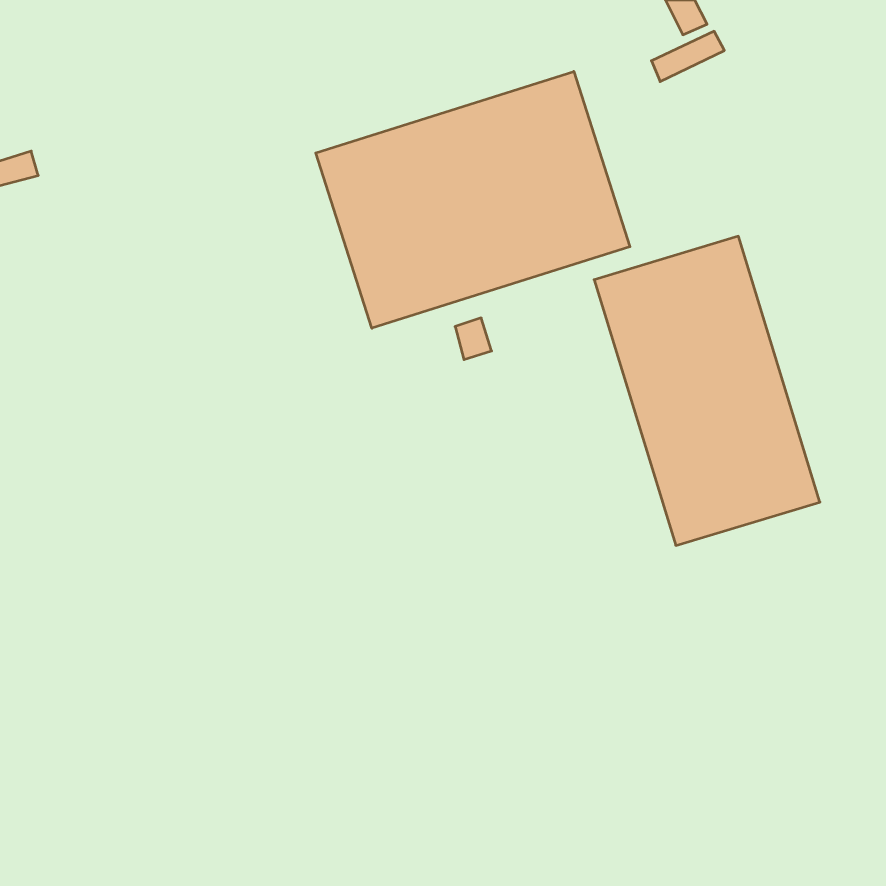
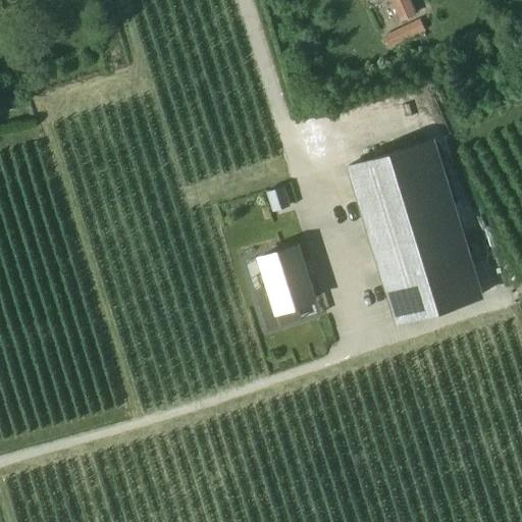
building: [316,71,630,328] -> none
building: none -> [259,246,314,329]

